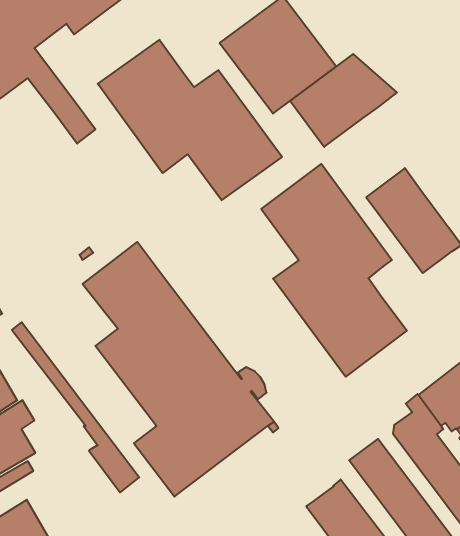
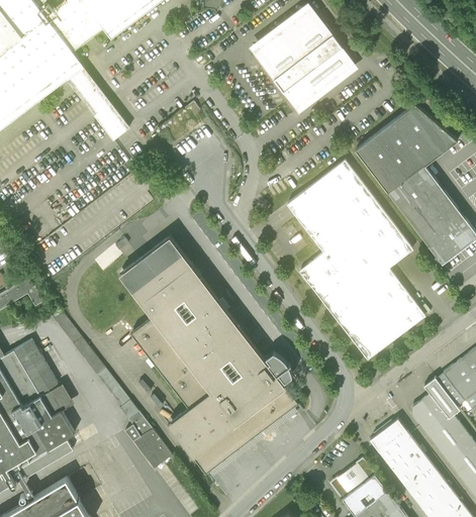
building: [98,40,282,200] -> none
building: [290,54,397,147] -> [354,104,455,192]

